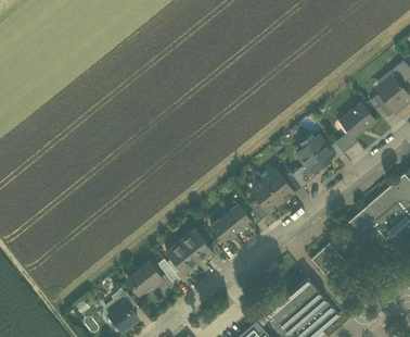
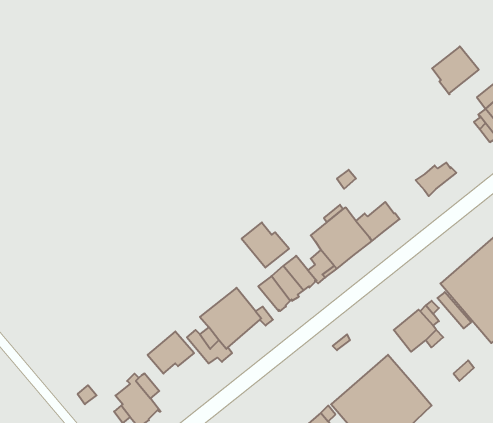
building: [341,102,375,138] -> [432,46,479,94]
building: [296,136,334,172] -> none
building: none -> [242,222,289,268]

